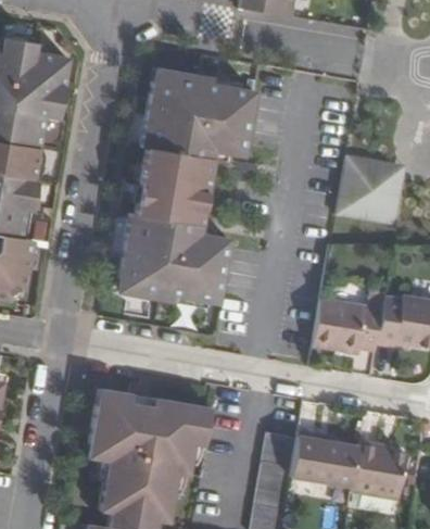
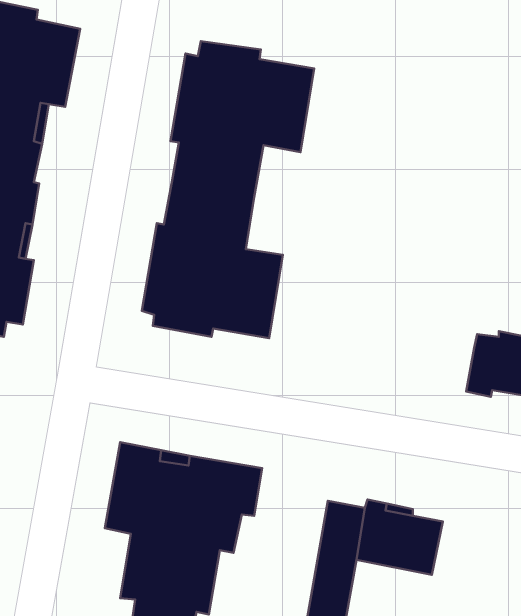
building: [338,154,409,226] -> none
building: [312,300,381,355] -> none
building: [347,443,404,503] -> none

